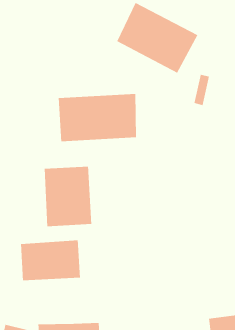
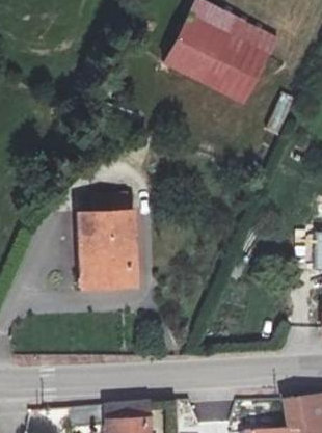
building: [58,93,137,142] -> none
building: [20,240,81,281] -> none

